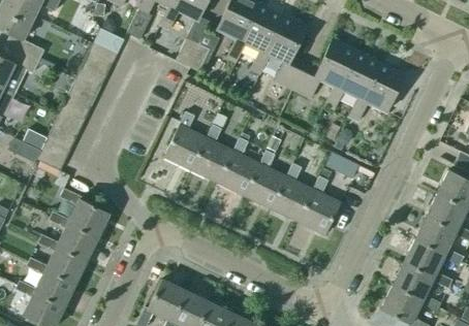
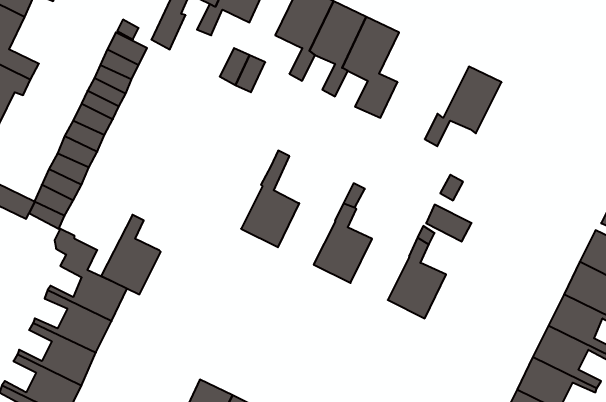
building: [292,40,356,99] -> none
building: [348,64,404,122] -> none
building: [163,112,207,170] -> [101,215,161,294]
building: [218,138,259,196] -> none
building: [271,164,313,222] -> none

